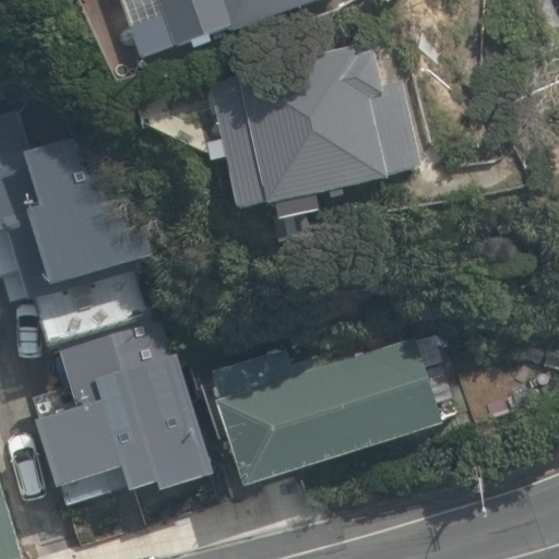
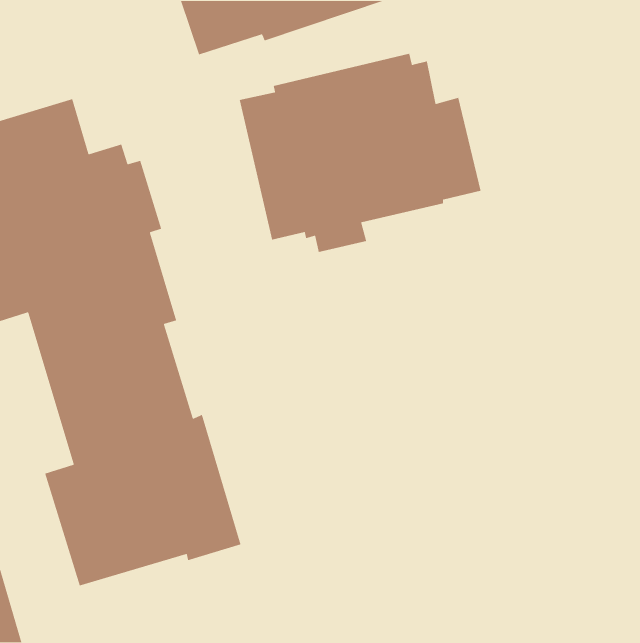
building: [209,330,443,486] -> none

